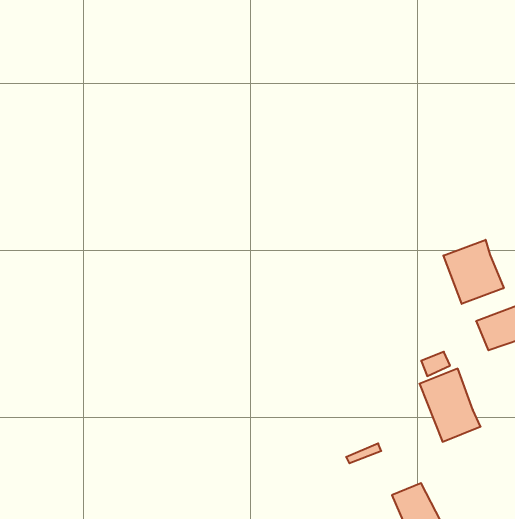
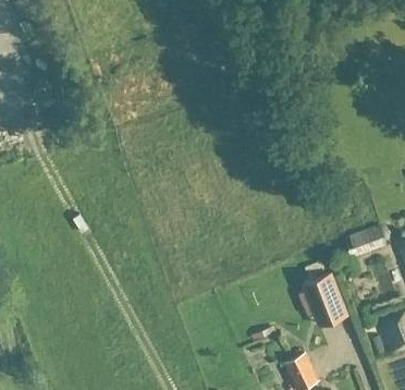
building: [443,240,504,304] -> none

